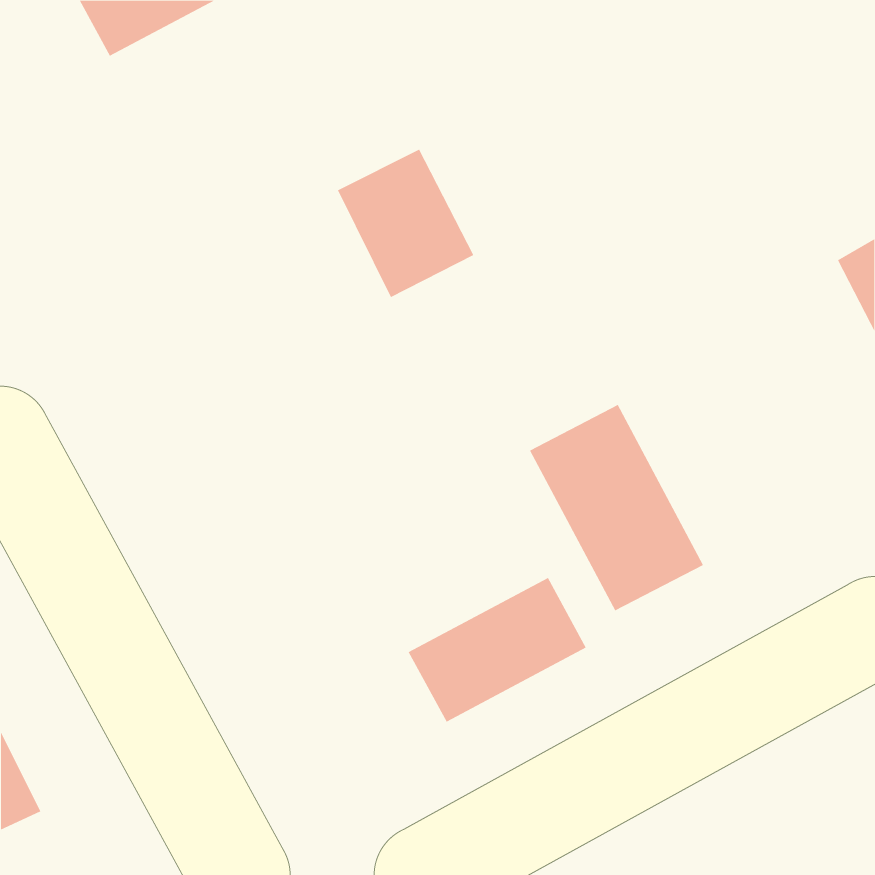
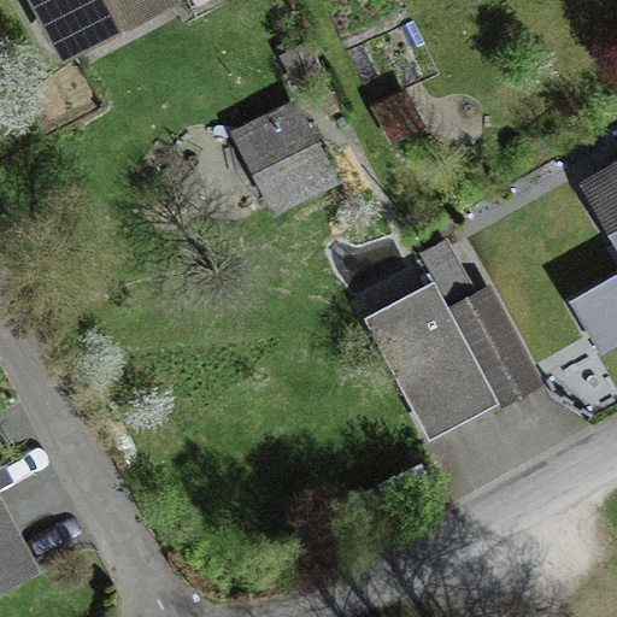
building: [408,577,587,722] -> none

